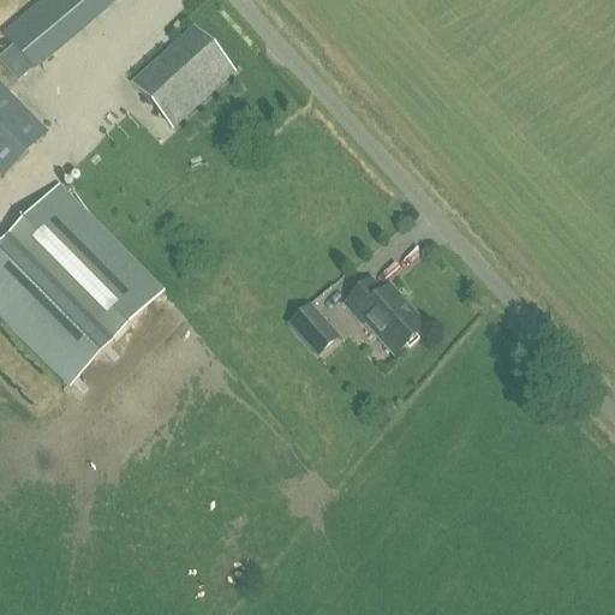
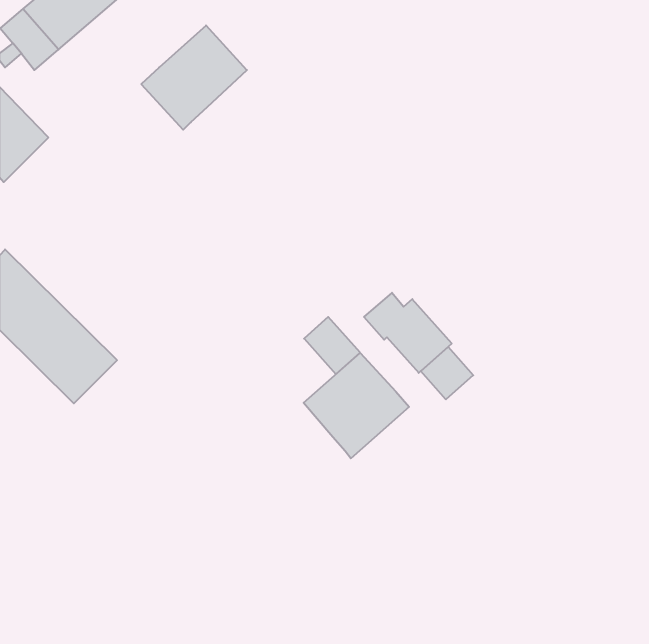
building: [5,181,163,340] -> none
building: none -> [421,347,473,399]
building: none -> [304,353,409,458]

